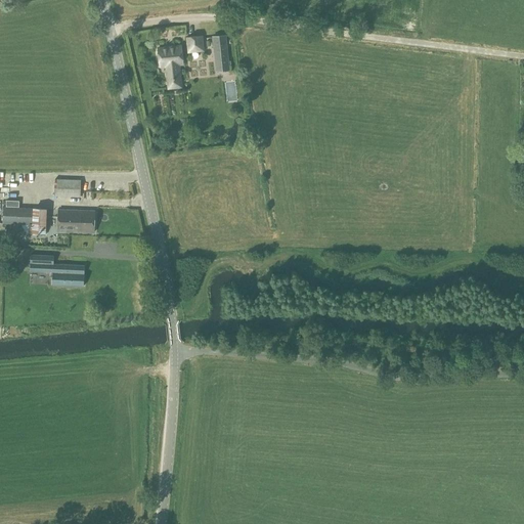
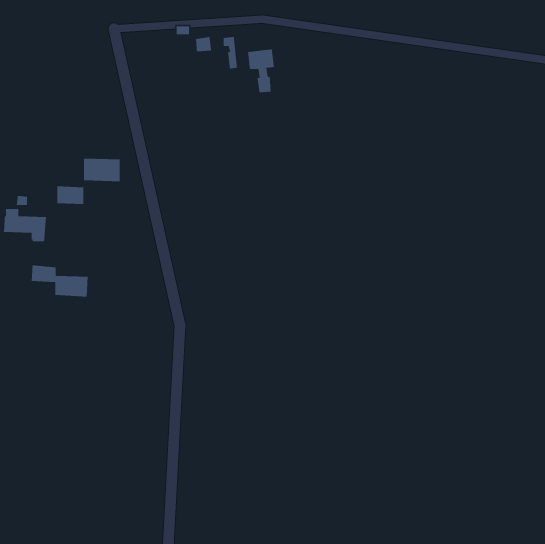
building: [158,45,184,88] -> [247,48,275,93]
building: [58,209,94,232] -> [83,158,120,182]

